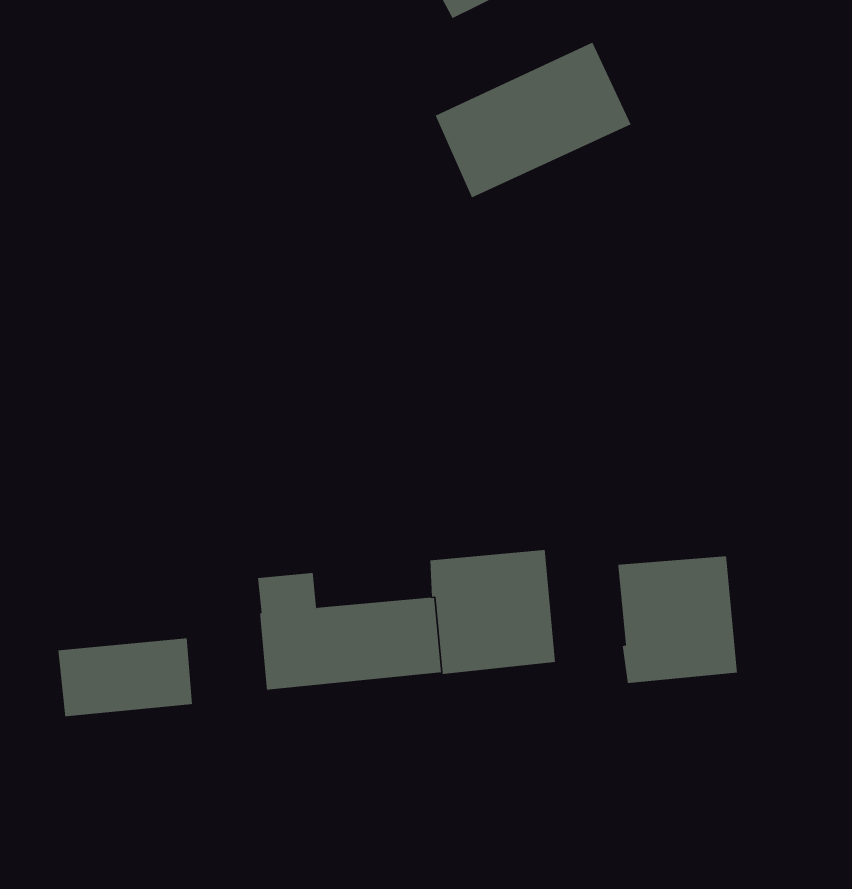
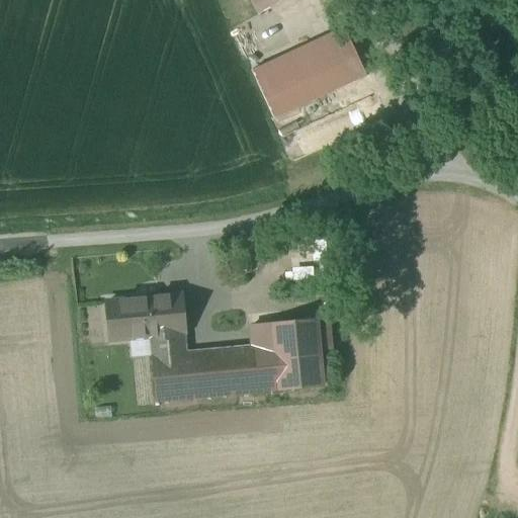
building: [618,555,737,684] -> none
building: [57,638,193,717] -> [106,293,184,339]

